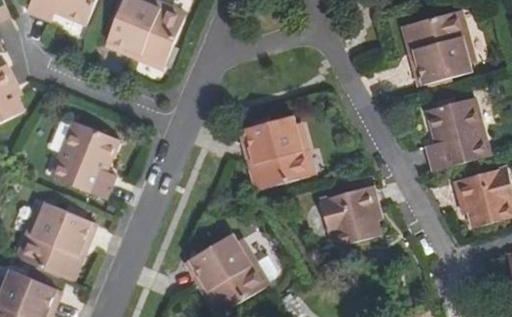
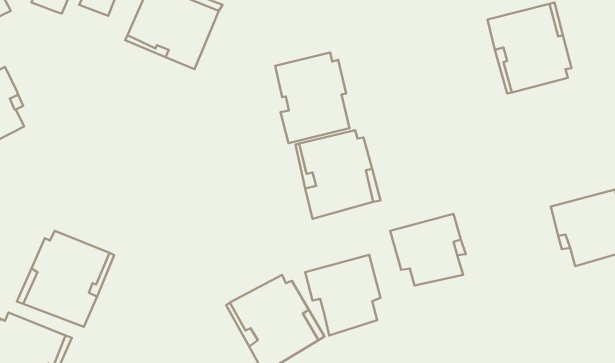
building: none -> [275,53,349,143]
building: [427,96,488,170] -> none
building: [54,122,117,198] -> none
building: none -> [305,255,380,335]

